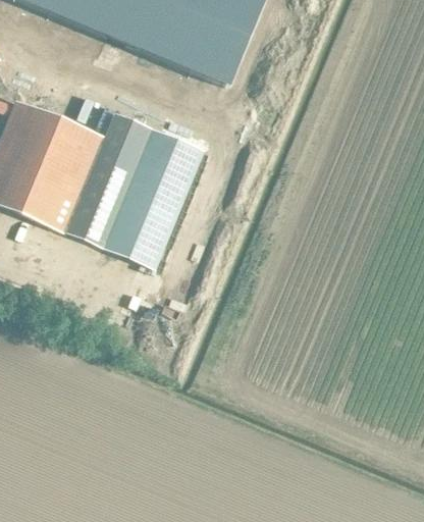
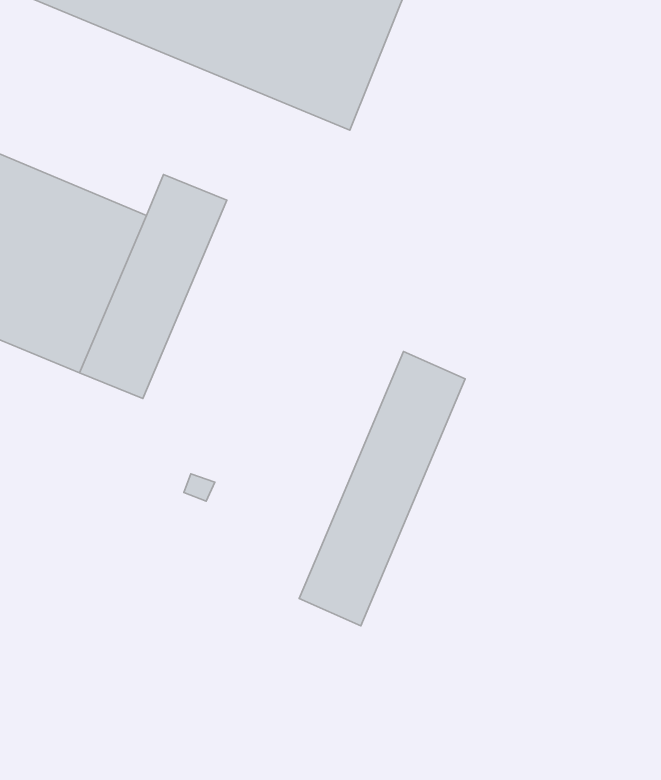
building: [103,127,205,268] -> none
building: none -> [299,351,465,626]

